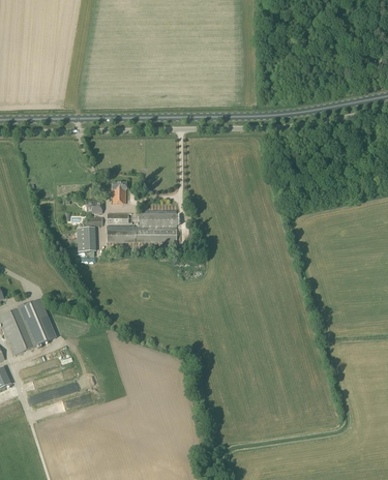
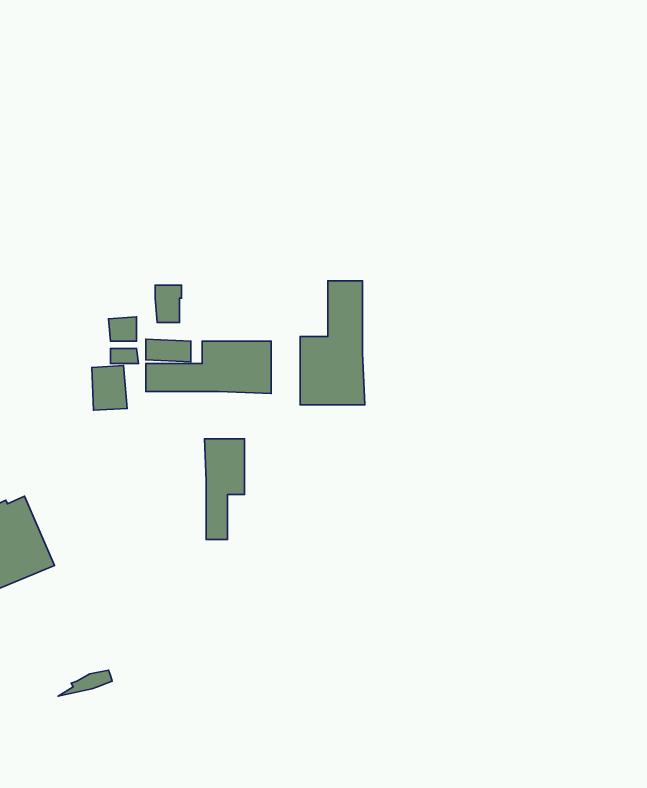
building: none -> [300,281,365,405]
building: none -> [205,439,244,539]

